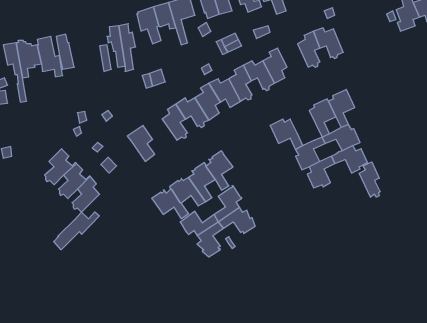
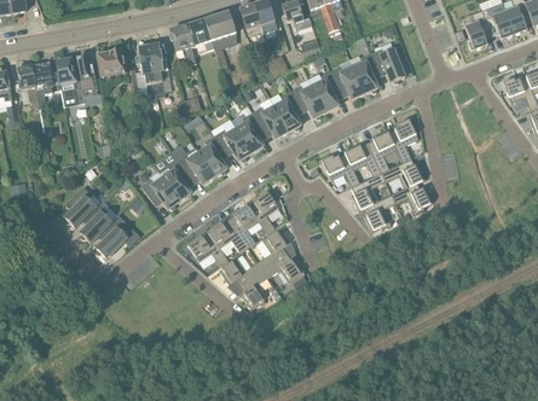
building: none -> [98,48,126,77]
building: none -> [330,65,365,98]
building: none -> [343,141,381,175]
building: none -> [177,145,214,182]
building: none -> [140,175,179,208]
building: [359,162,380,197] -> none
building: [54,212,99,250] -> none

